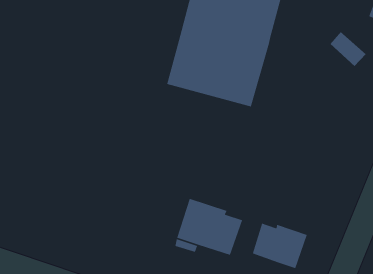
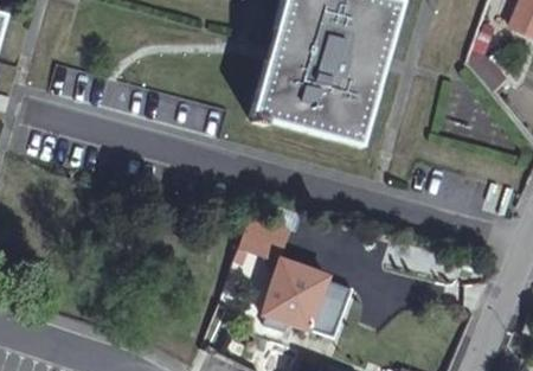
building: [252,222,308,269] -> none

